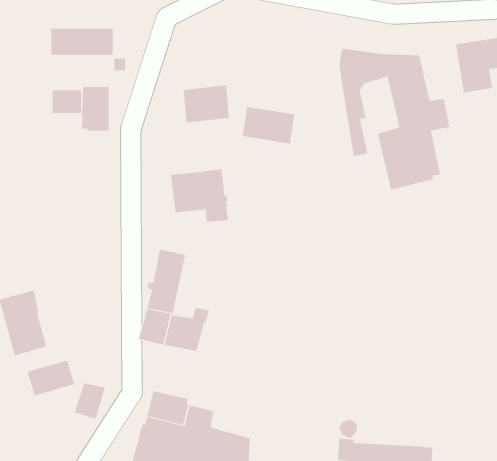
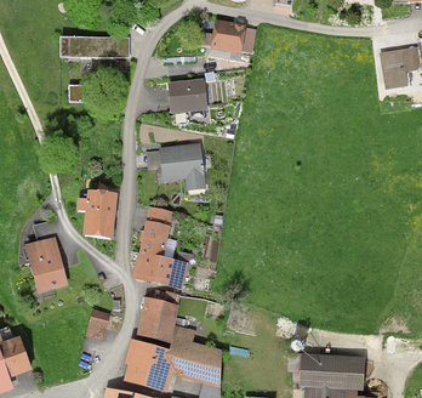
building: [339,48,450,190] -> none
building: [81,86,109,132] -> none
building: [242,106,295,144] -> [212,23,253,52]
building: none -> [78,192,115,239]
building: none -> [146,292,178,323]
building: [27,360,75,396] -> none

